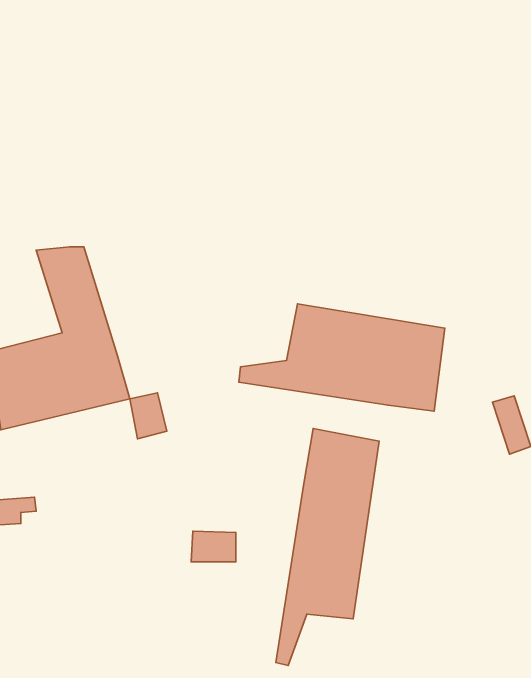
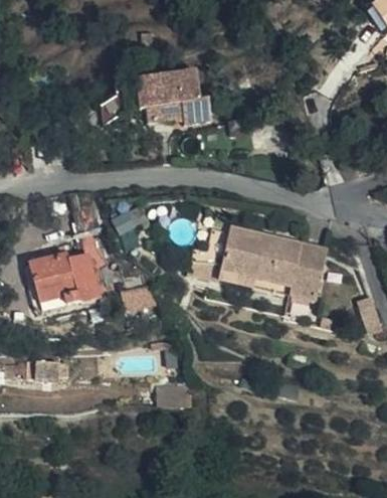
building: none -> [136,64,210,122]
building: [276,429,379,666] -> none

